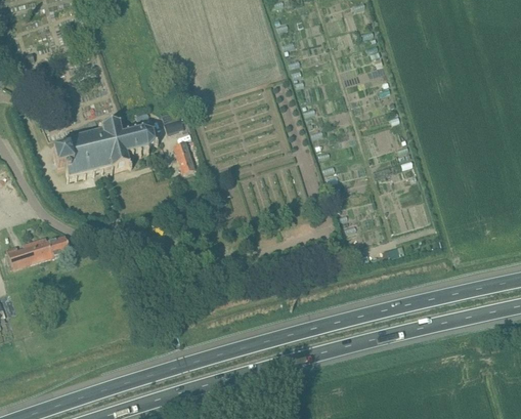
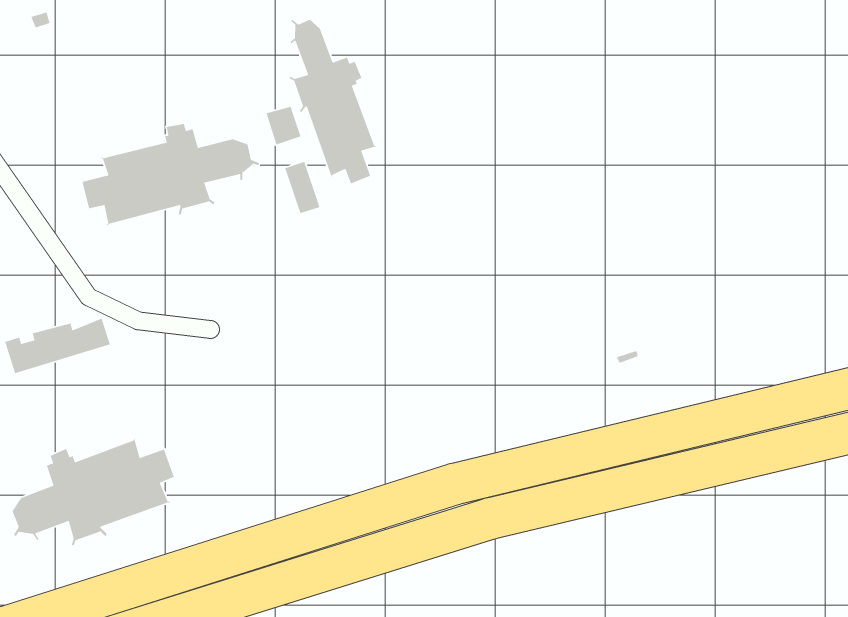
building: none -> [289,18,378,184]
building: none -> [11,436,175,547]

